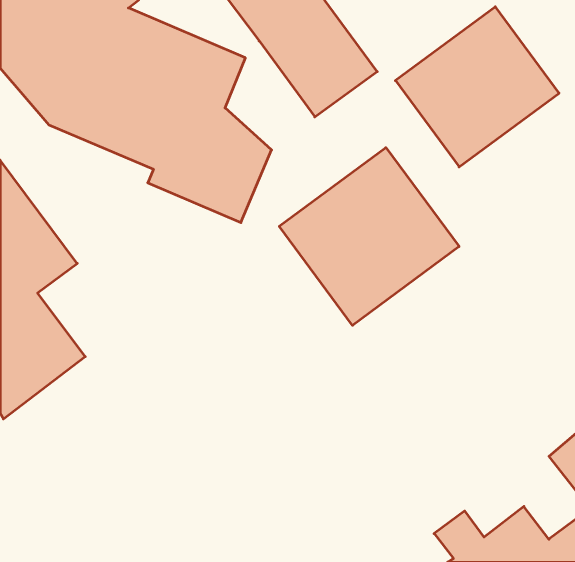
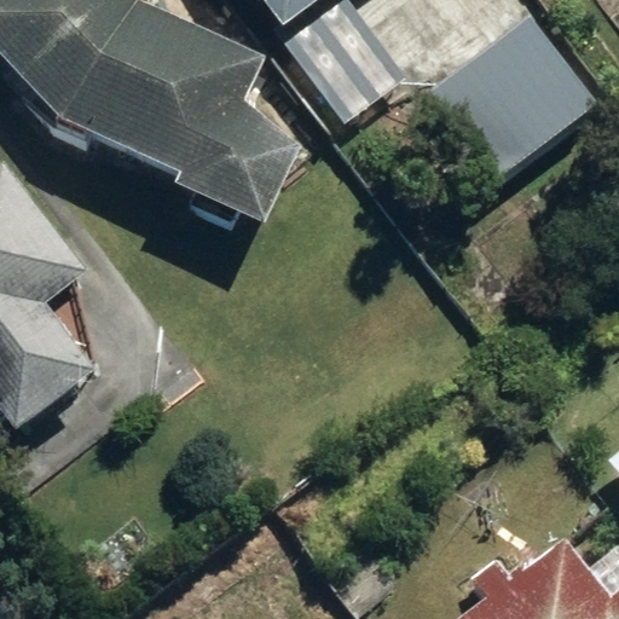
building: [279,148,459,325] -> none

